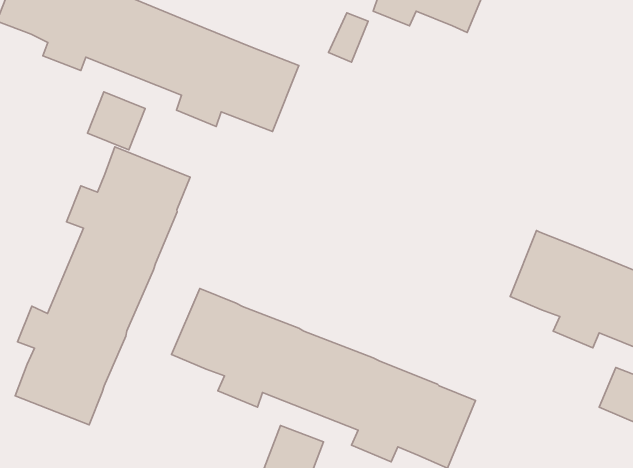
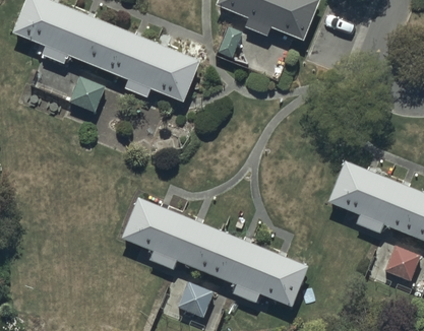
building: [15,147,190,425] -> none

